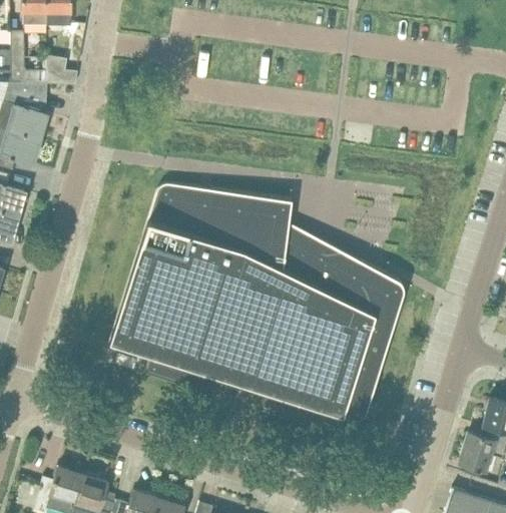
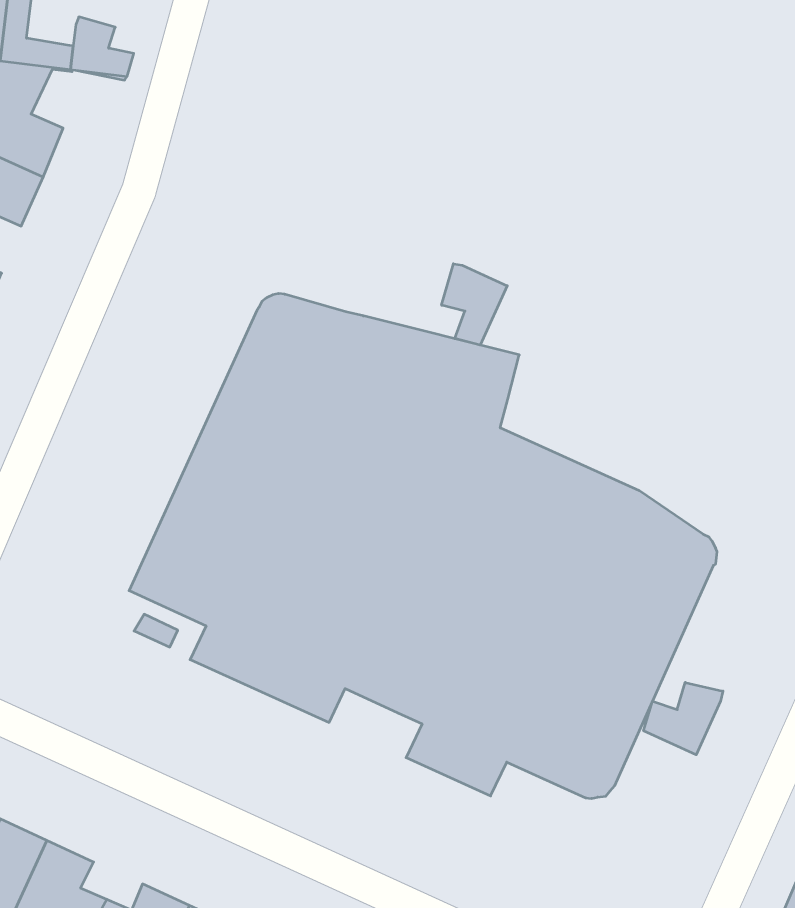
building: none -> [442,264,507,345]
building: none -> [644,682,723,755]

